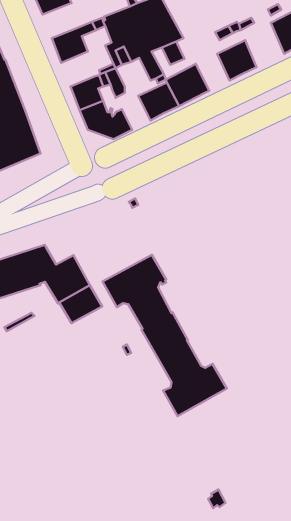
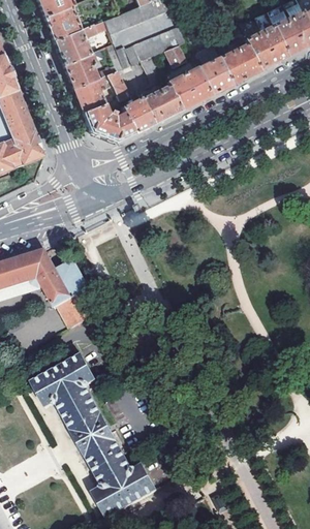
building: none -> [43,6,79,40]
building: none -> [245,25,286,69]
building: none -> [62,51,101,89]
building: none -> [197,55,231,93]
building: none -> [120,97,152,132]
building: [103,255,227,416] -> [32,354,157,517]

